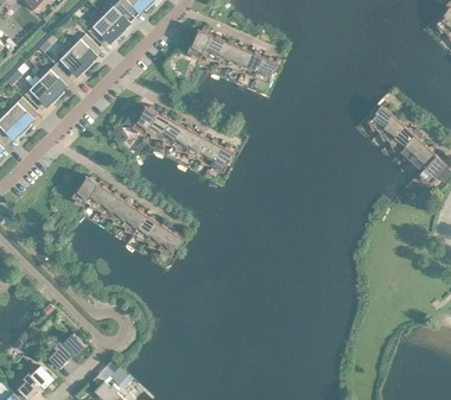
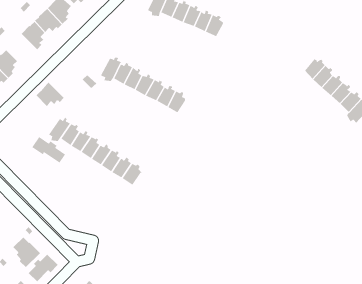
building: [24,80,58,109] -> [35,82,65,107]
building: none -> [31,136,66,163]
building: none -> [13,236,41,268]

